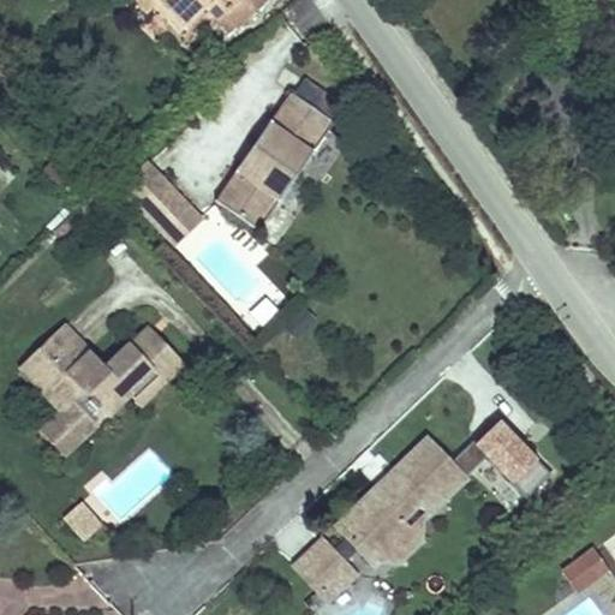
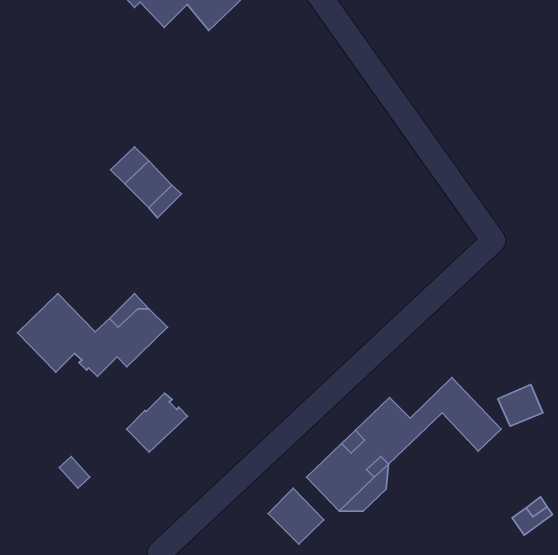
building: [211,88,334,228] -> none
building: [41,388,108,453] -> [126,393,188,452]
building: none -> [498,384,543,426]

